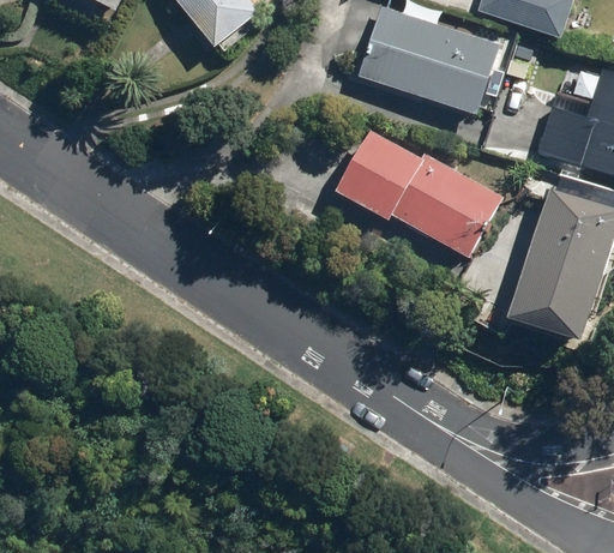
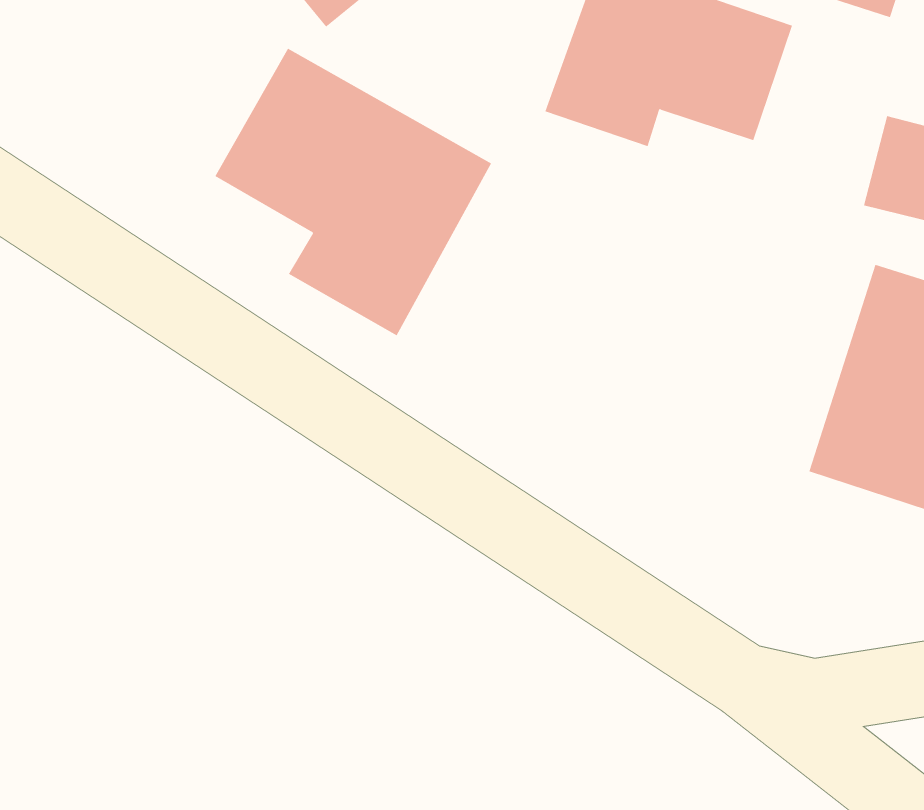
building: none -> [214,48,492,336]
building: [333,128,504,258] -> none

